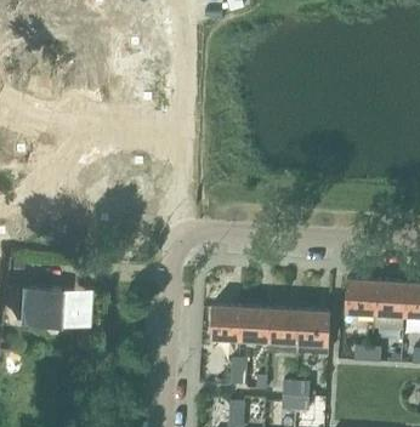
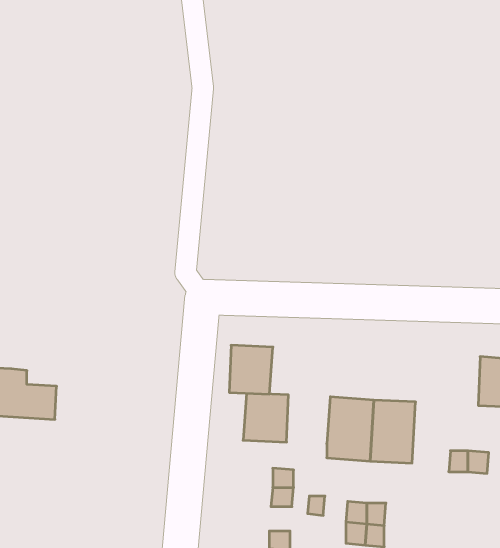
building: [346,279,376,314] -> none
building: [242,307,272,341] -> [229,345,273,394]

